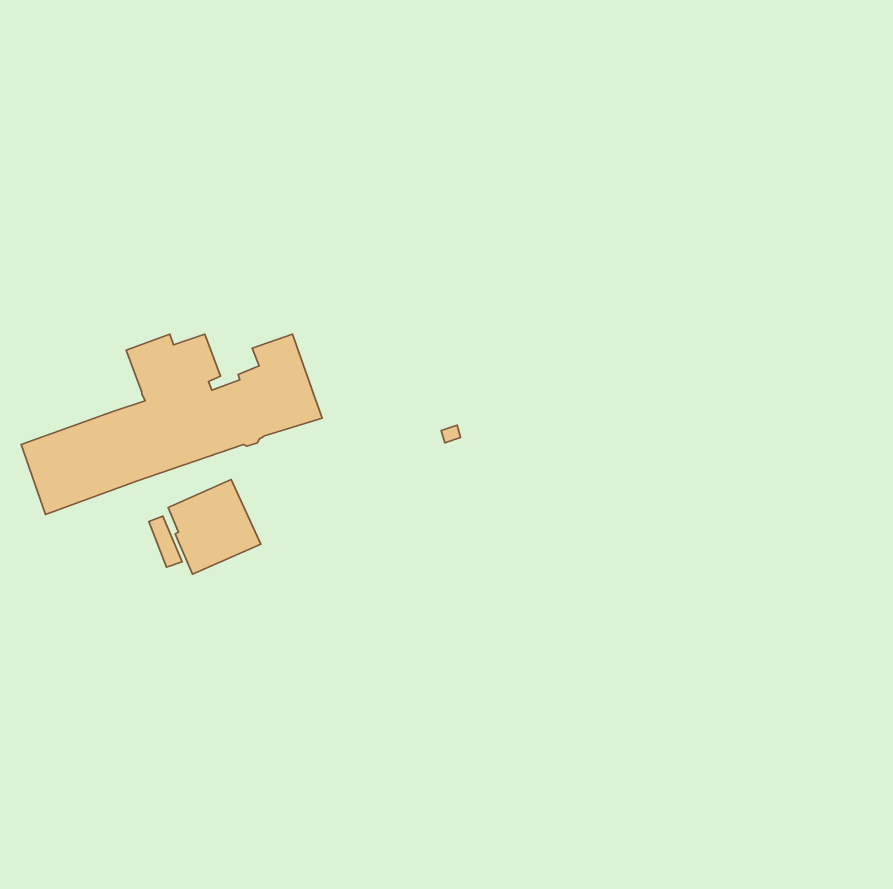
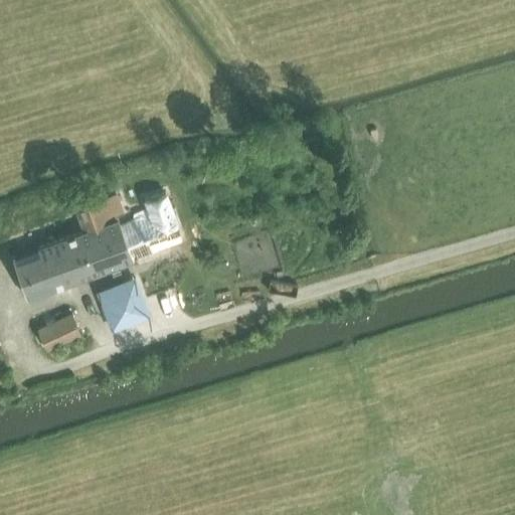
building: none -> [37,316,81,354]

